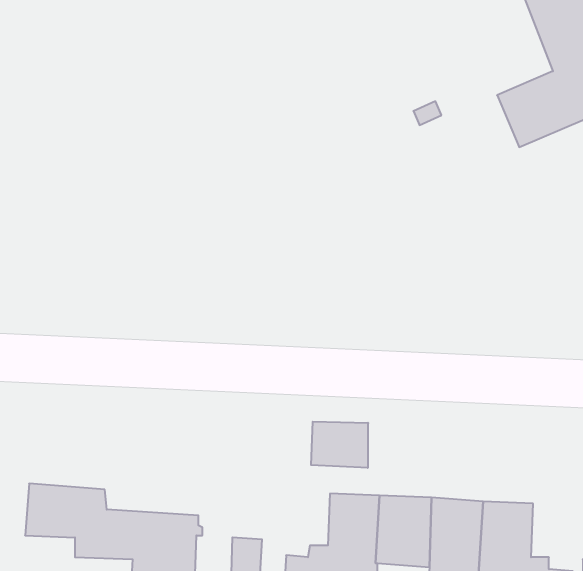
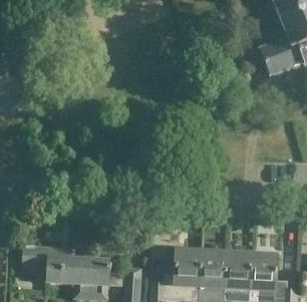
building: [311,422,368,468] -> none

